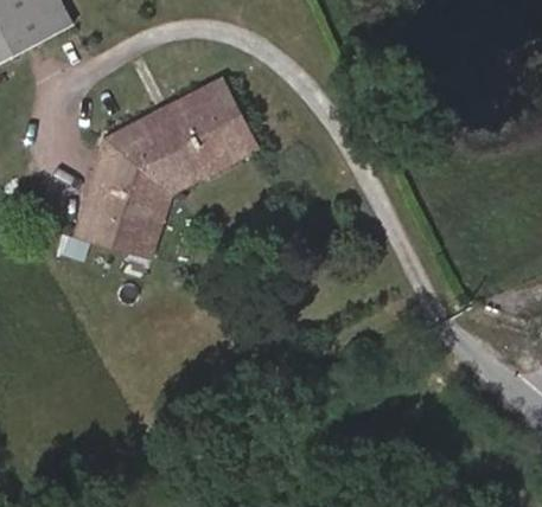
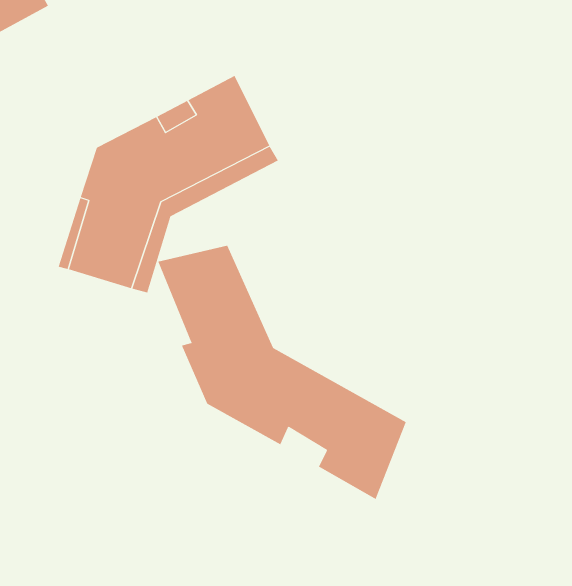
building: none -> [158,245,407,500]

